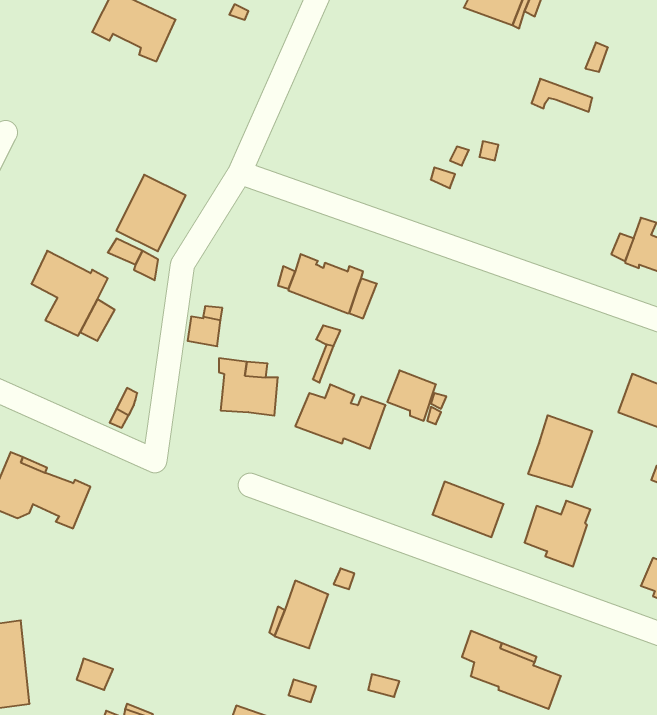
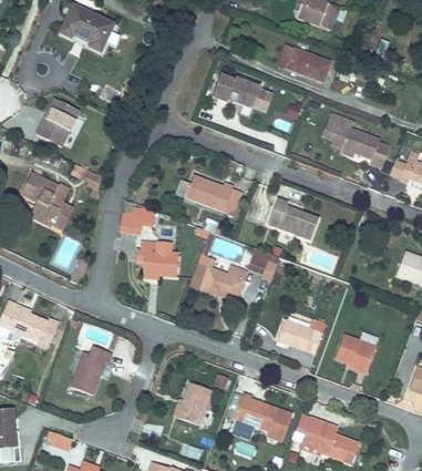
building: none -> [279,45,330,81]
building: none -> [212,74,259,109]
building: none -> [321,112,389,167]
building: [116,175,186,251] -> [37,98,81,146]
building: none -> [268,197,319,240]
building: [528,415,592,487] -> none
building: none -> [71,346,112,395]
building: none -> [234,392,292,440]

